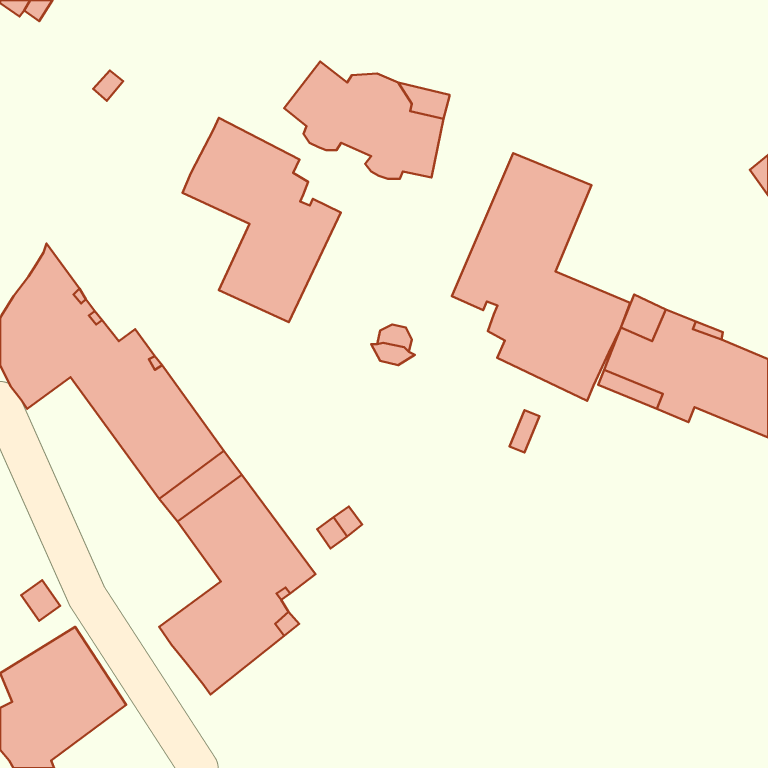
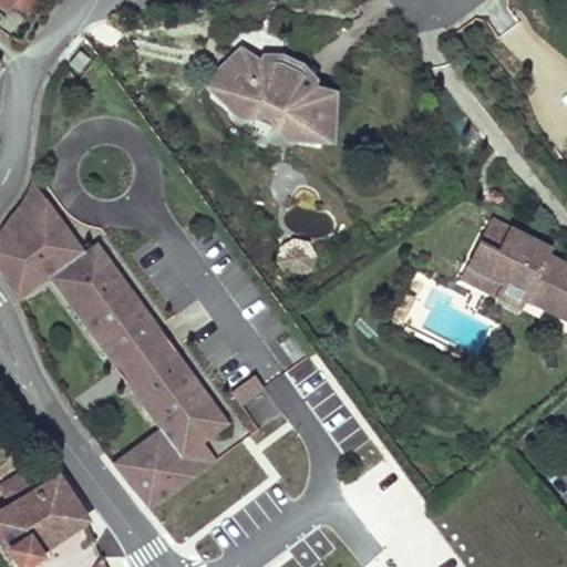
building: [183,118,341,322] -> none
building: [452,153,630,401] -> none

